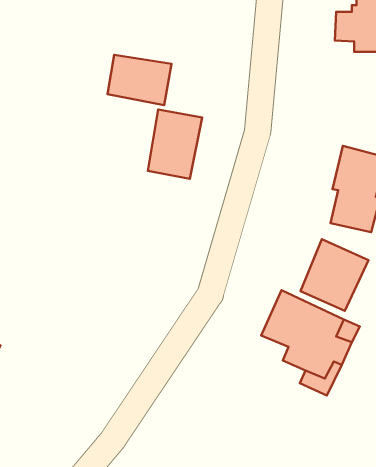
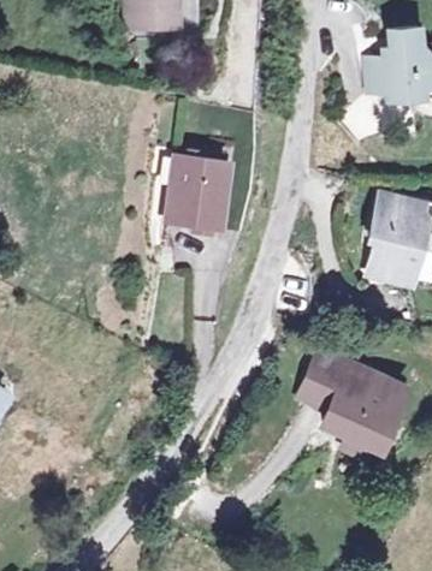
building: [108,55,172,105] -> none
building: [300,239,368,311] -> none

